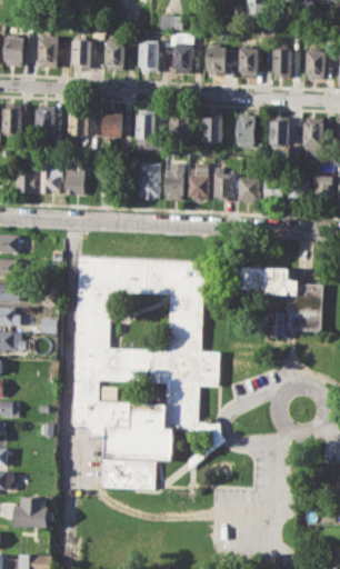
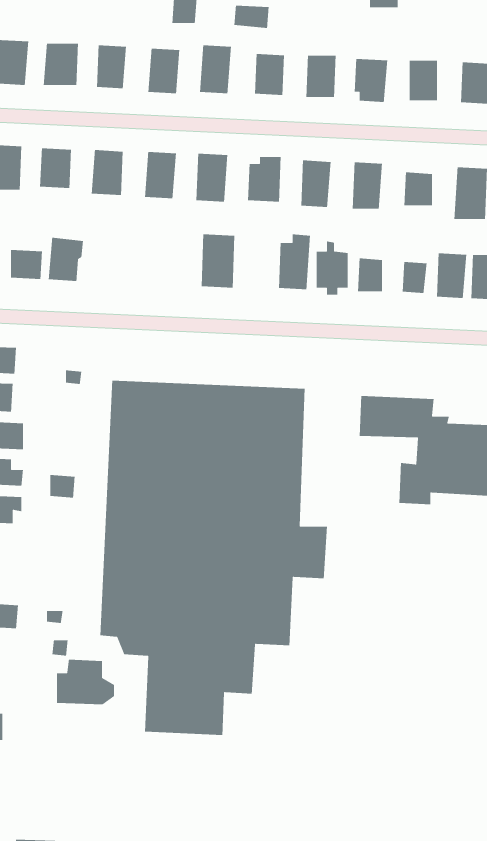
building: [163,161,183,200] -> none
building: [64,168,83,194] -> none
building: [14,497,52,527] -> [56,659,115,705]

